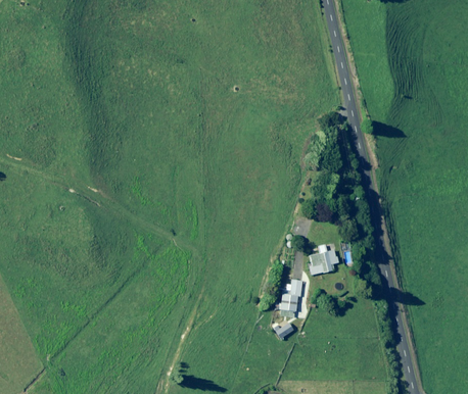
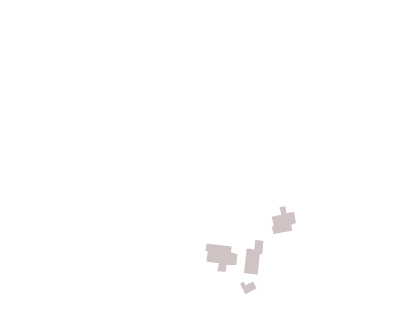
building: none -> [205,243,238,273]

